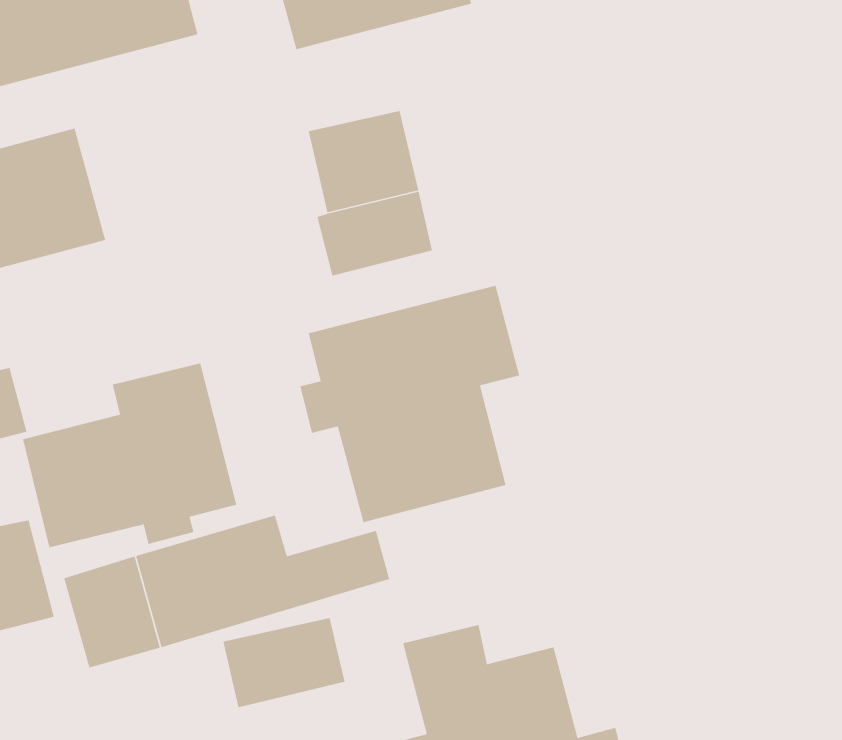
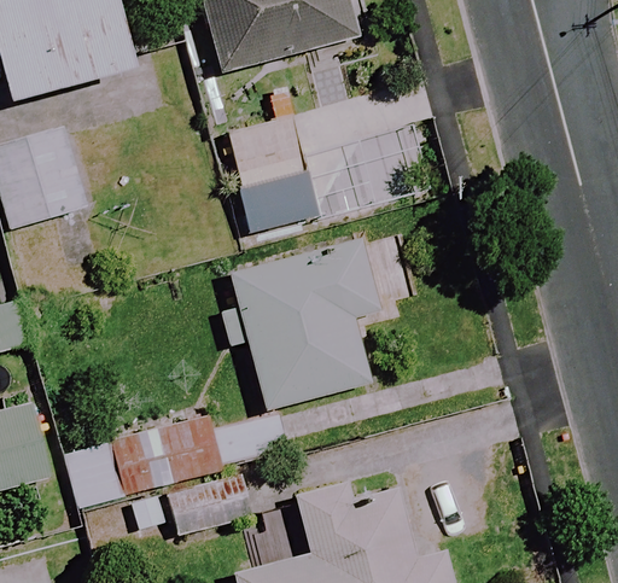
building: [22,362,237,548] -> none

